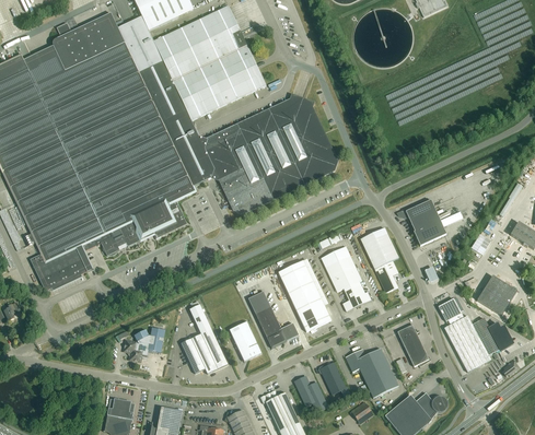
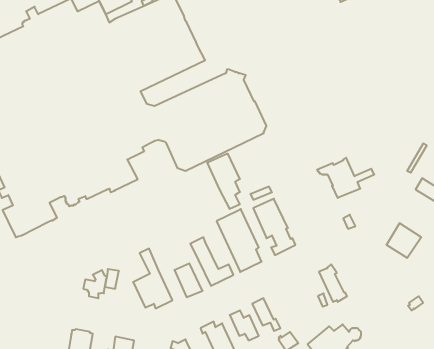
building: [359,226,397,291] -> [207,154,240,209]
building: [438,296,512,371] -> none
building: [345,346,398,397] -> none

